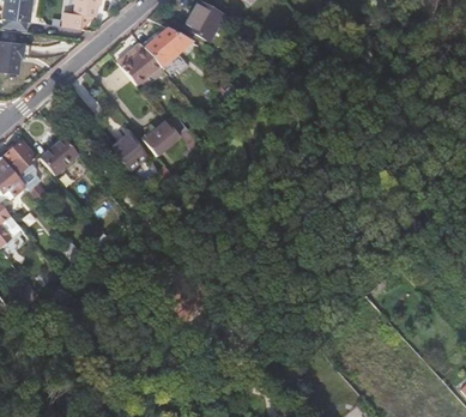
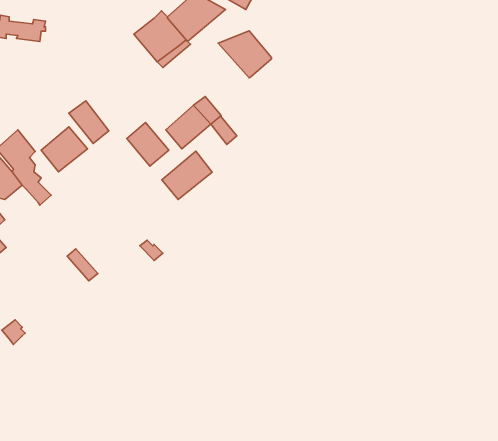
building: none -> [218,31,272,78]
building: none -> [69,101,109,143]
building: none -> [162,151,212,199]

